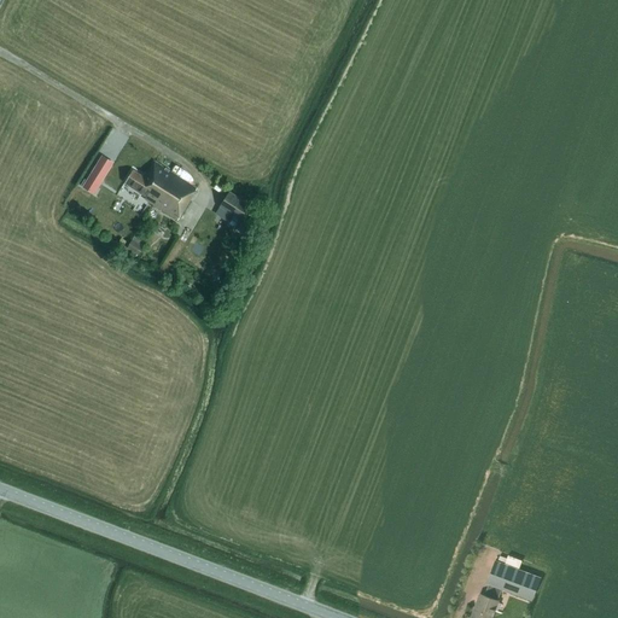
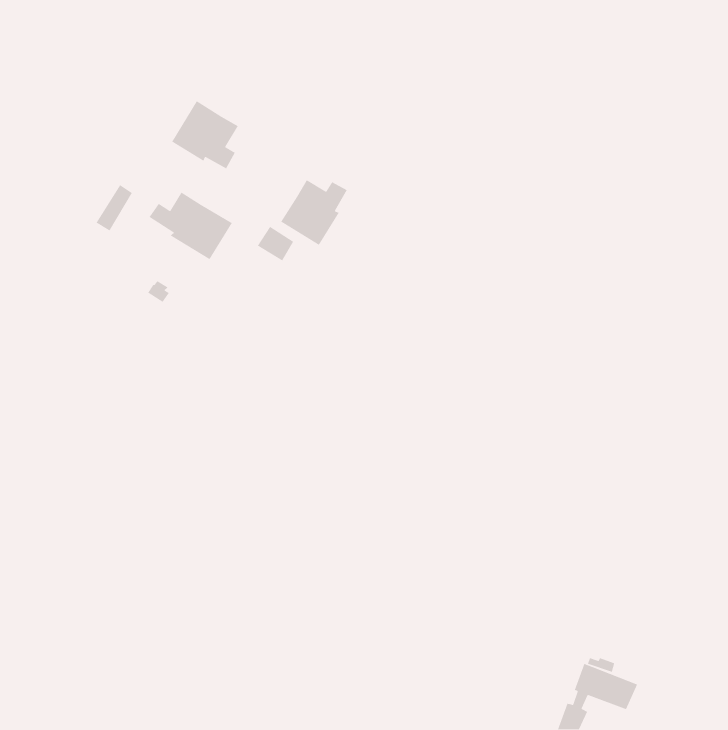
building: none -> [171,100,239,170]
building: none -> [280,179,348,246]

